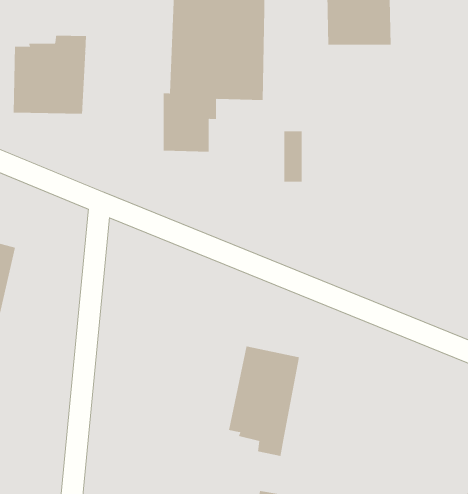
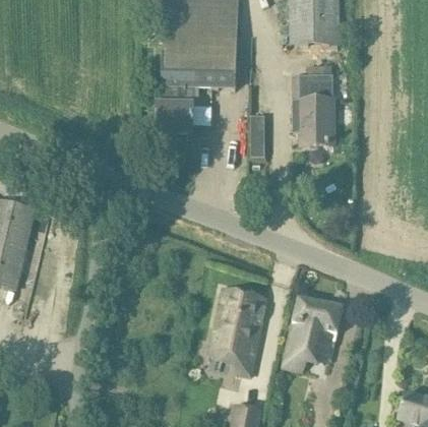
building: [13,35,87,114] -> none
building: none -> [292,65,333,147]
building: none -> [280,296,343,372]

